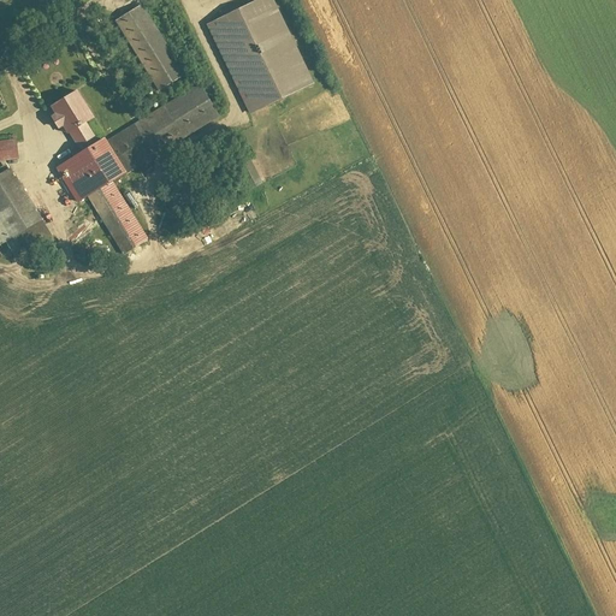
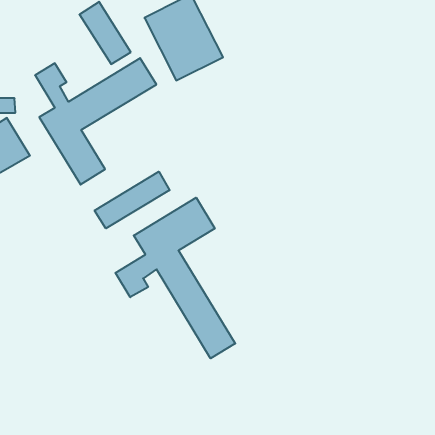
building: none -> [95,172,170,228]
building: none -> [115,198,235,358]

